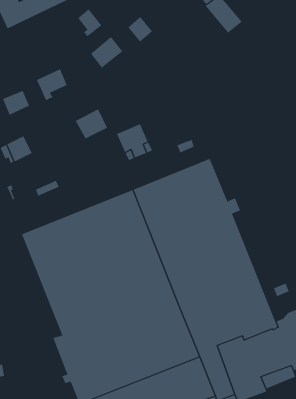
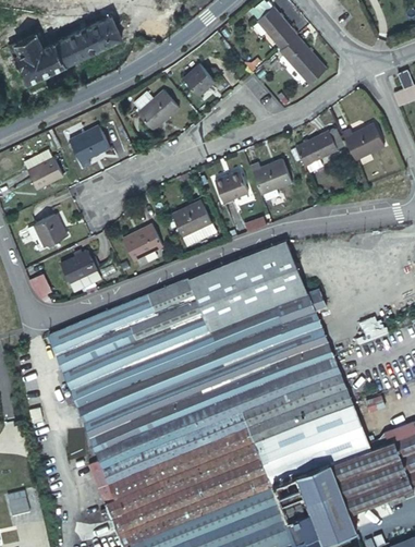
building: [78,9,102,37] -> none
building: none -> [340,123,382,160]
building: none -> [294,133,337,167]
building: none -> [248,158,290,194]
building: none -> [212,170,245,202]
building: [75,109,108,139] -> [121,220,162,258]
building: none -> [59,250,95,280]

